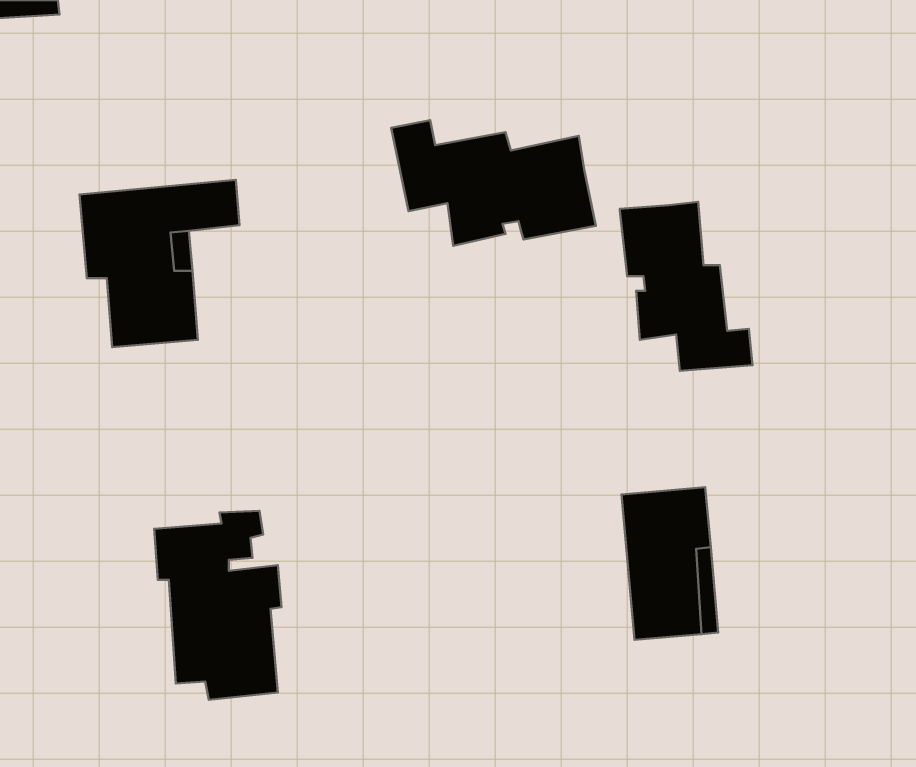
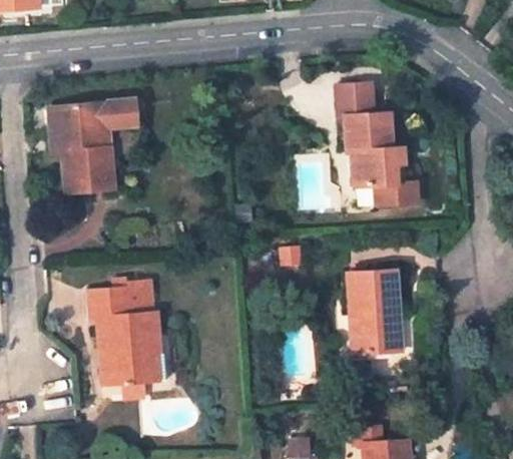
building: [391,120,596,246] -> none
building: none -> [338,82,373,117]

